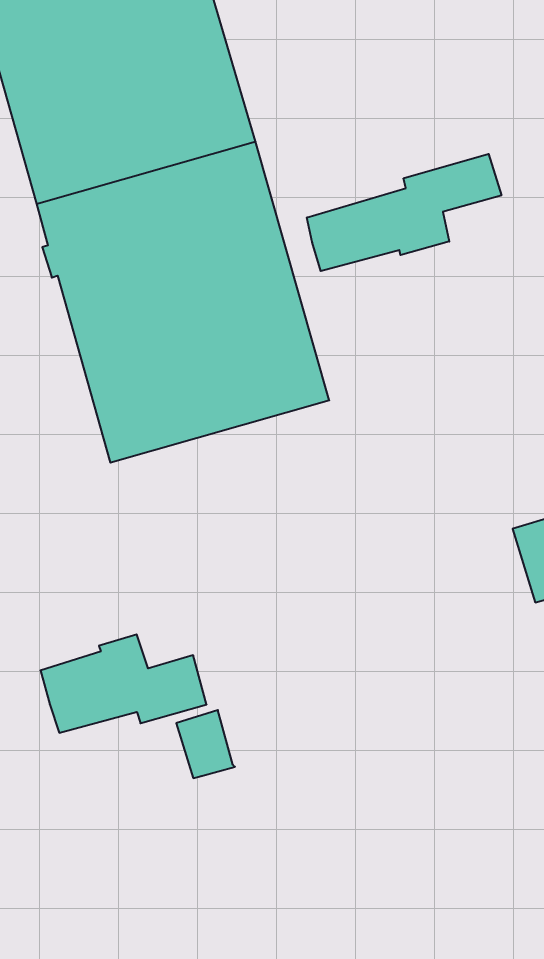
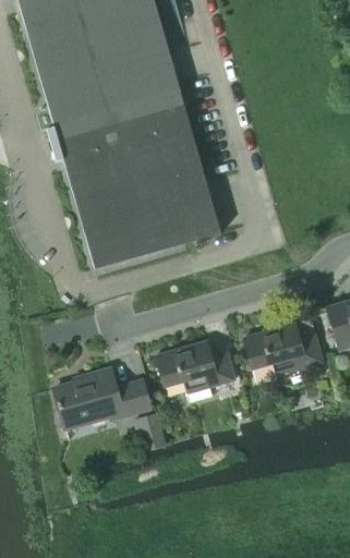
building: [307,154,501,271] -> none
building: none -> [244,323,323,381]
building: none -> [156,340,236,400]

